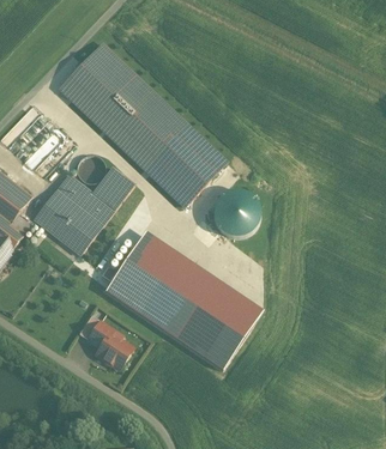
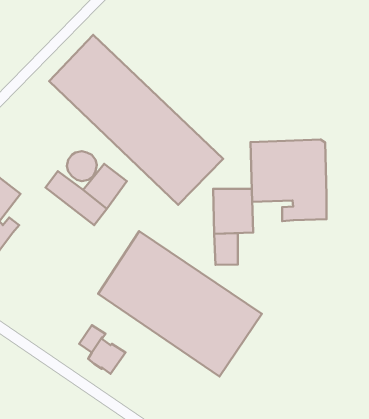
building: none -> [251,139,327,221]
building: [32,189,102,254] -> none
building: none -> [214,233,238,265]

